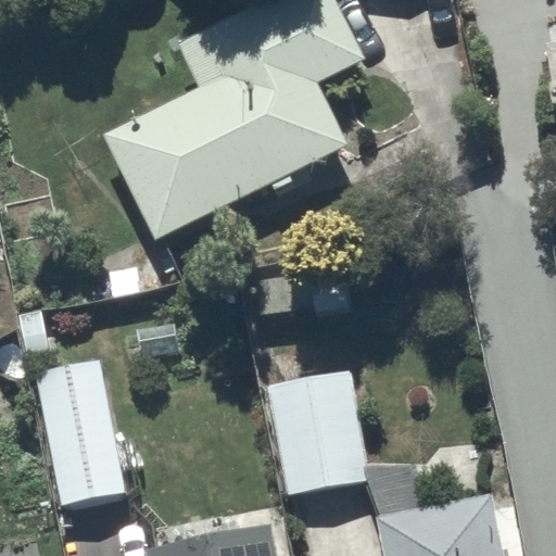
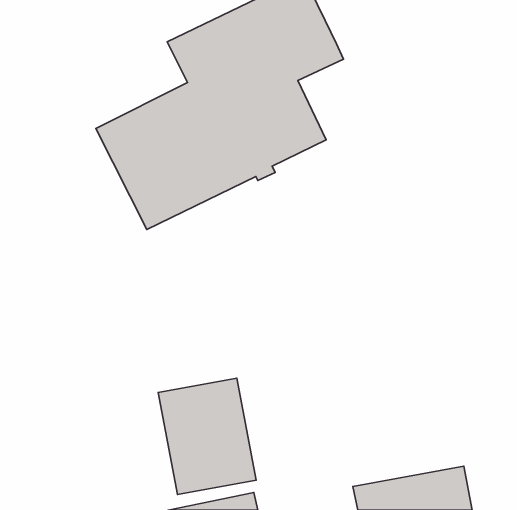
building: [35,357,125,503] -> none
building: [266,369,370,493] -> [158,378,256,494]

